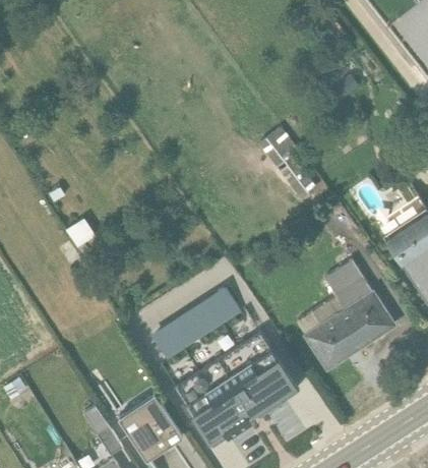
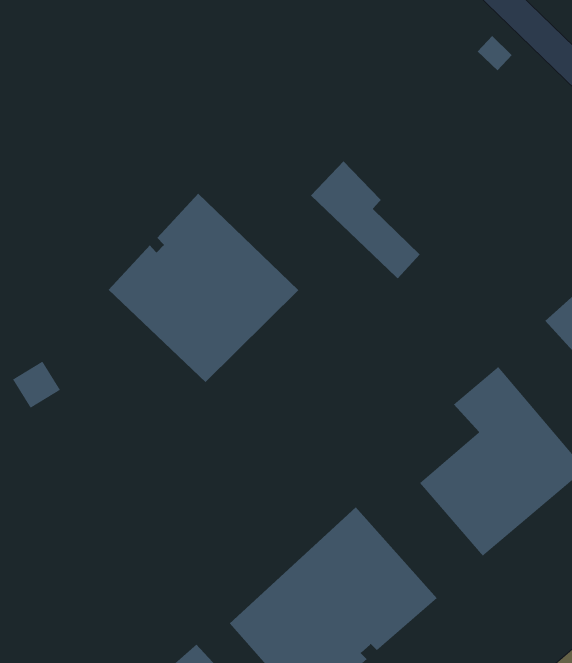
building: none -> [108,193,299,383]
building: [150,287,241,361] -> none

